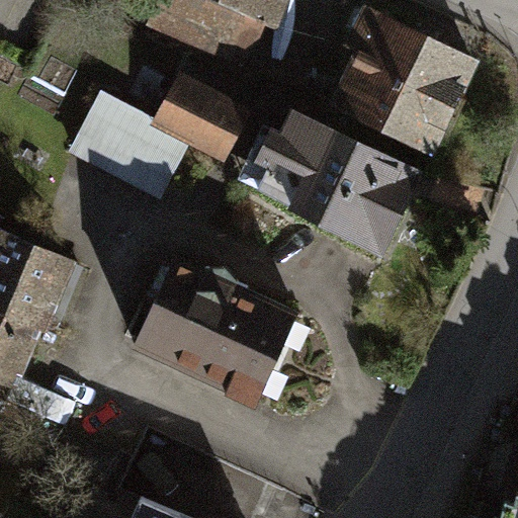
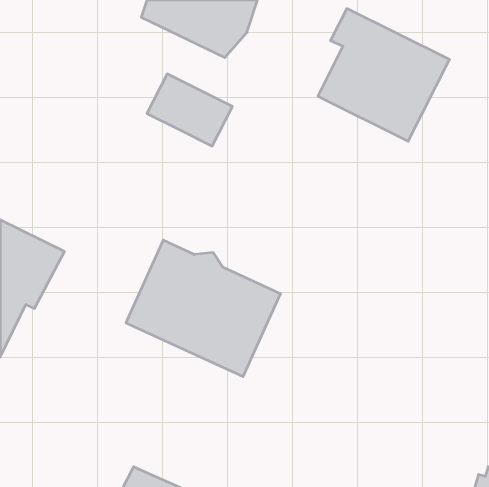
building: [75,97,189,195] -> none
building: [257,114,420,253] -> none

